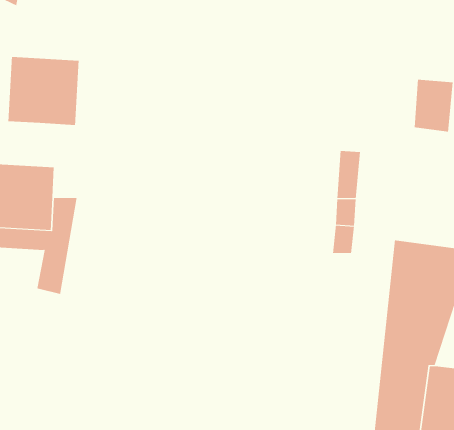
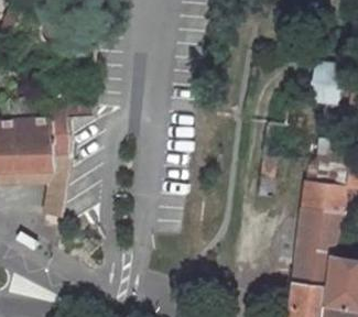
building: [8,56,79,126] -> none

